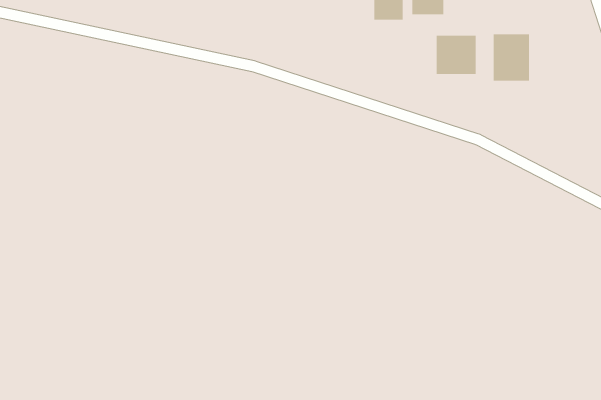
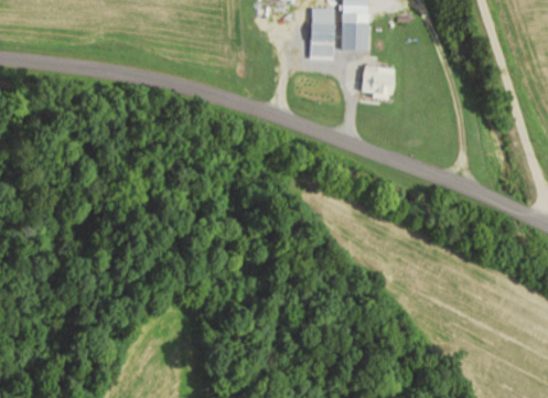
building: [493,33,530,81] -> none

